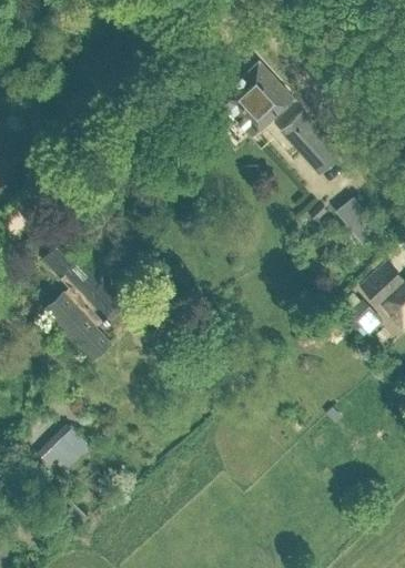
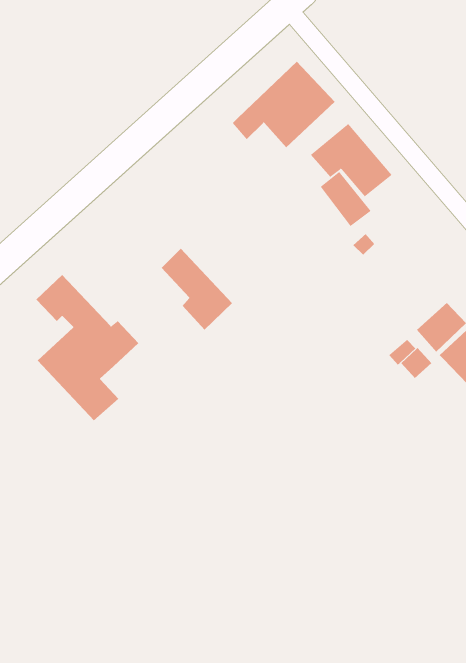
building: [336,197,379,244] -> [320,171,371,227]
building: none -> [161,248,233,331]
building: [30,424,89,480] -> none

